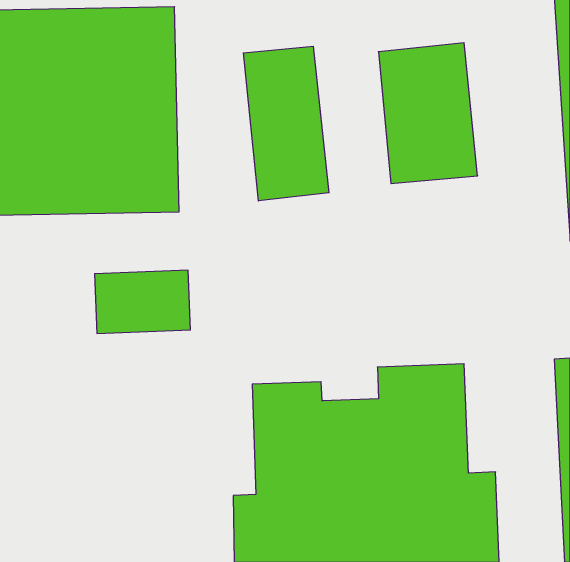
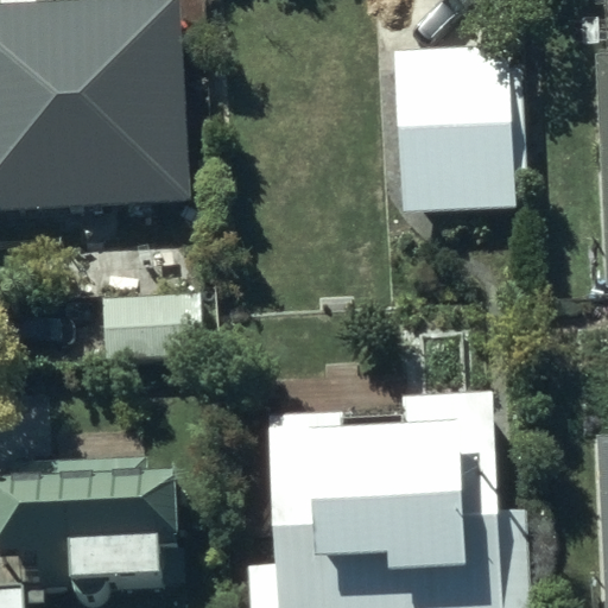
building: [243,46,329,201] -> none
building: none -> [11,474,192,582]

